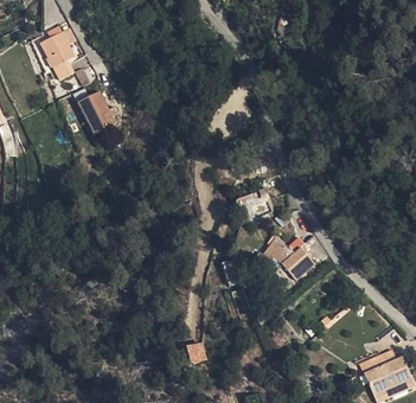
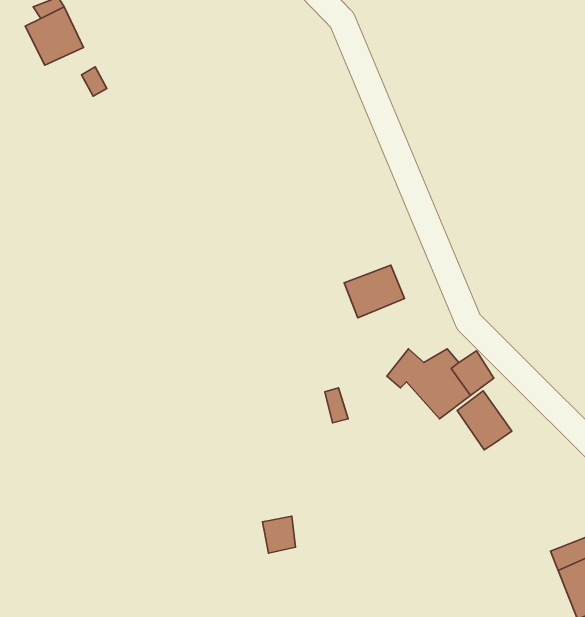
building: [76,88,117,134] -> none
building: none -> [457,391,512,450]

